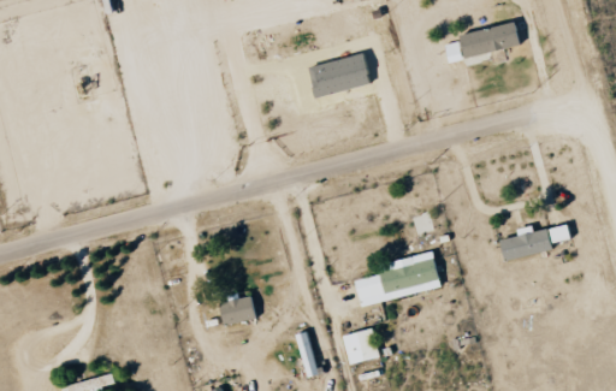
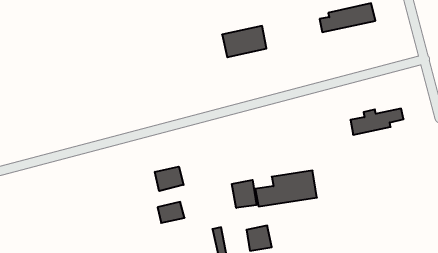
building: [498,224,571,260] -> [350,109,404,135]
building: none -> [155,167,184,191]
building: none -> [232,180,256,208]

